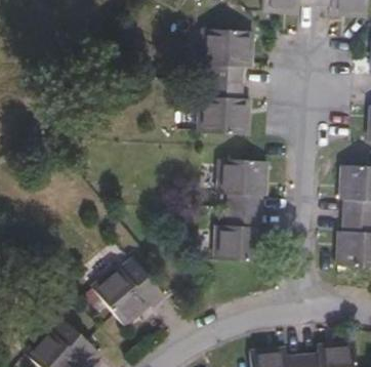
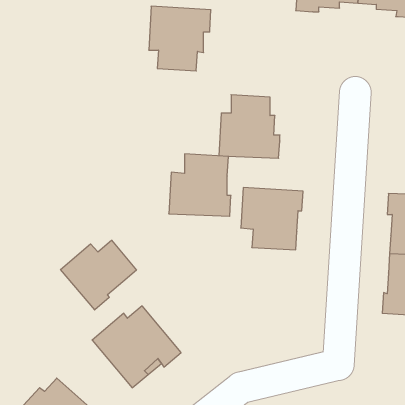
building: [200,29,252,83] -> [149,6,211,71]
building: none -> [61,240,136,310]
building: [211,209,263,261] -> [169,154,231,216]

